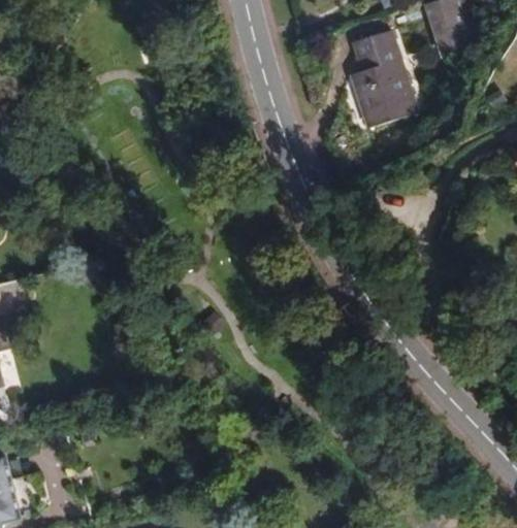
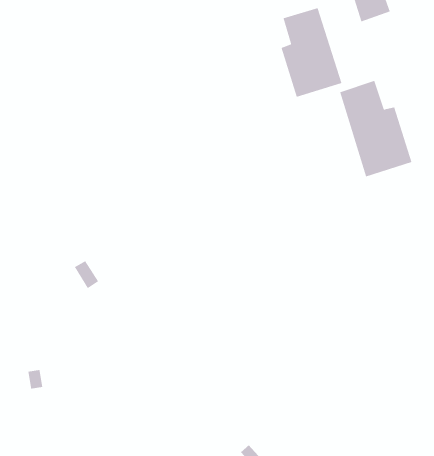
building: none -> [339,80,412,177]

